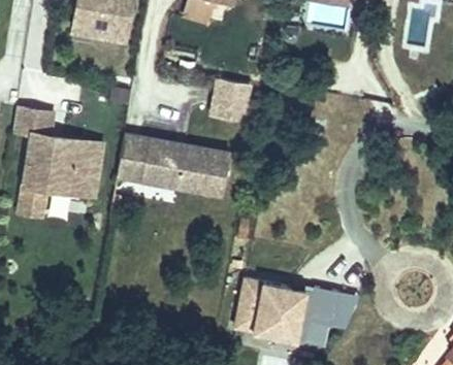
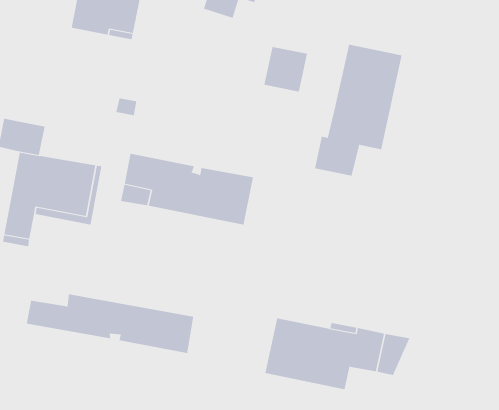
building: none -> [315,44,402,176]
building: [213,81,251,121] -> [263,46,308,92]
building: none -> [26,294,194,354]

